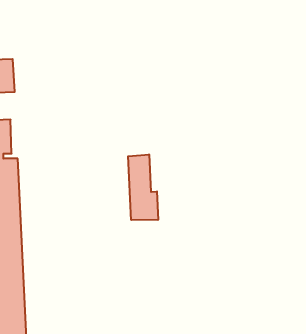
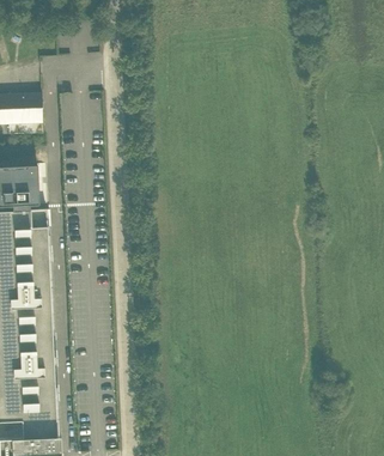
building: [128,154,158,220] -> none

